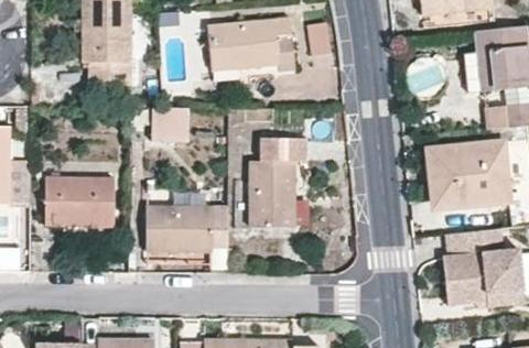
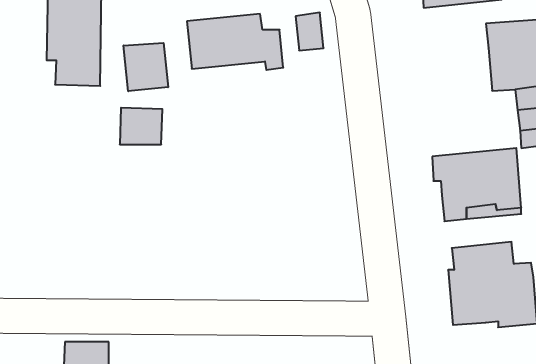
building: none -> [124,43,168,91]
building: [250,139,306,228] -> none
building: [45,178,115,226] -> none
building: [145,207,228,252] -> none

